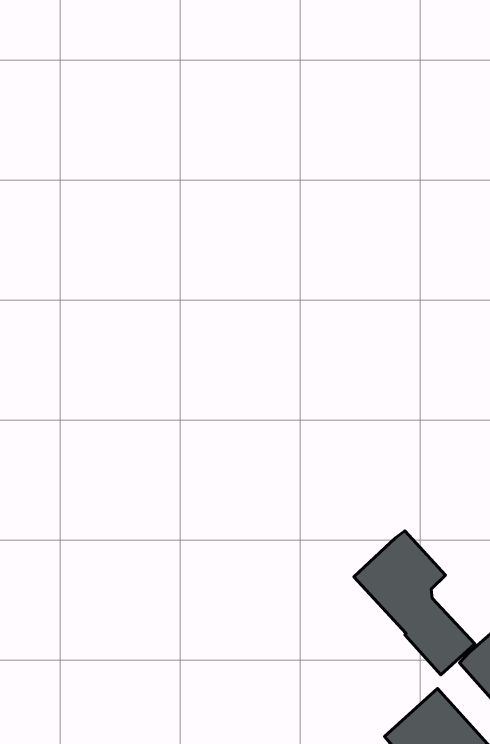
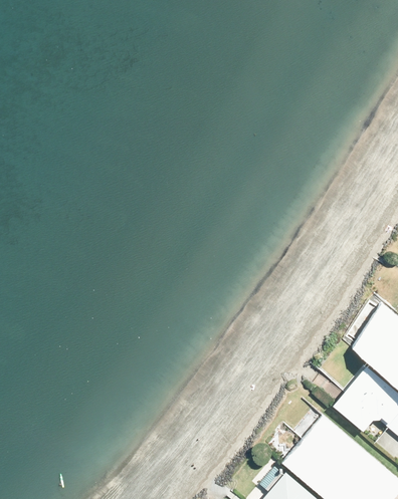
building: [354,531,475,675] -> none

